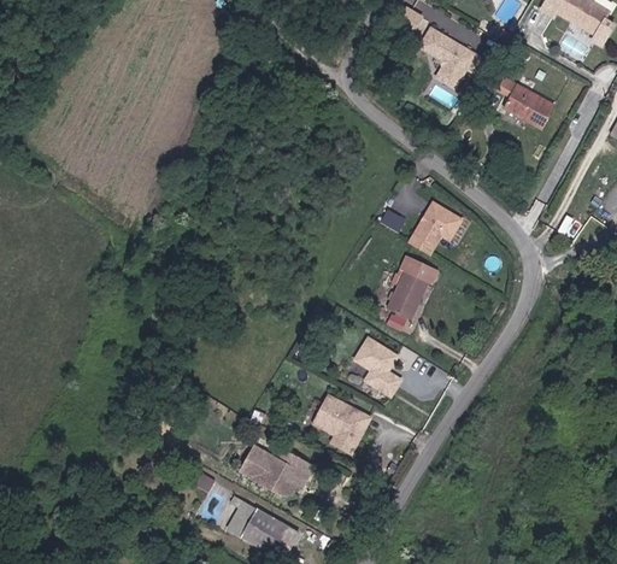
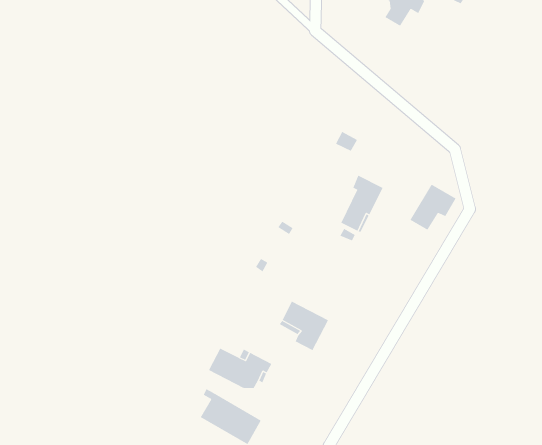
building: [496,77,552,127] -> none
building: [409,201,462,254] -> [410,184,457,231]
building: [357,337,404,394] -> none

